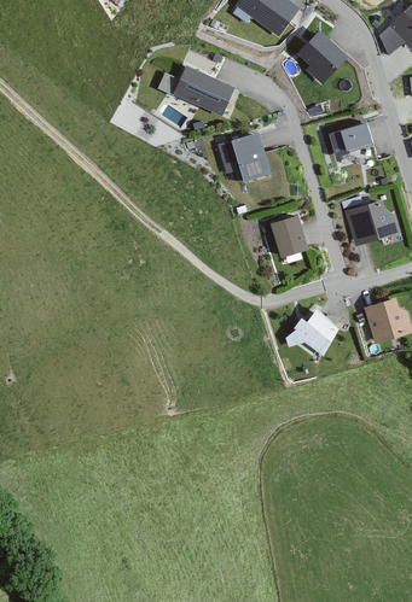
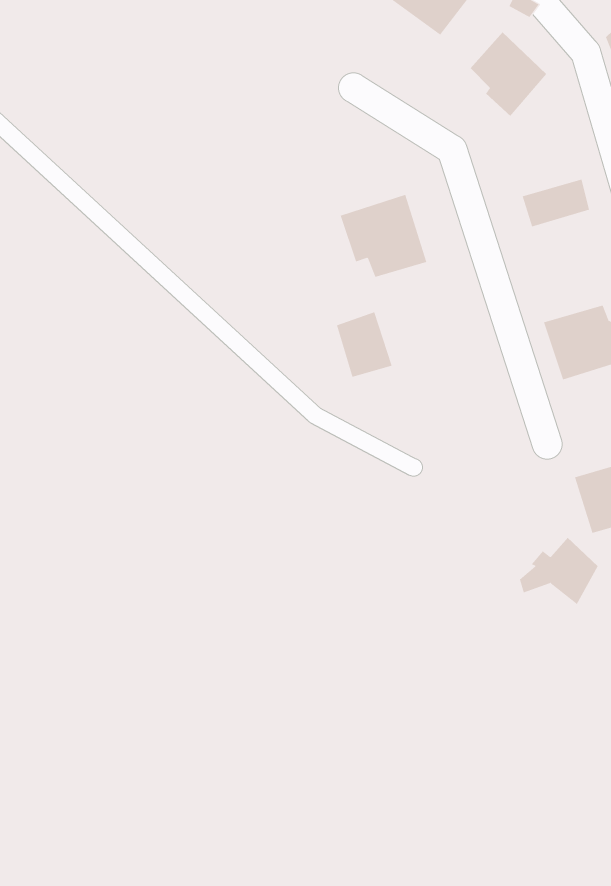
building: [173,65,233,116] -> none
building: [271,216,306,257] -> [336,312,392,378]
building: [288,310,337,352] -> [519,537,599,605]

